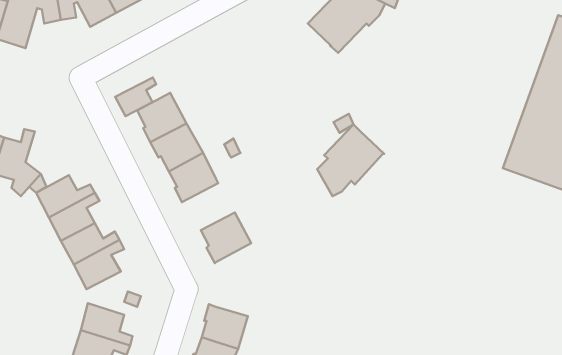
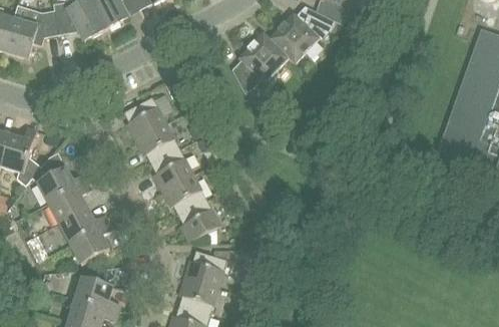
building: [115,77,156,116] -> none
building: [317,125,384,196] -> [231,31,289,92]
building: none -> [161,174,206,214]
building: none -> [184,250,226,287]

